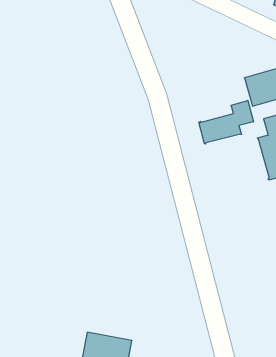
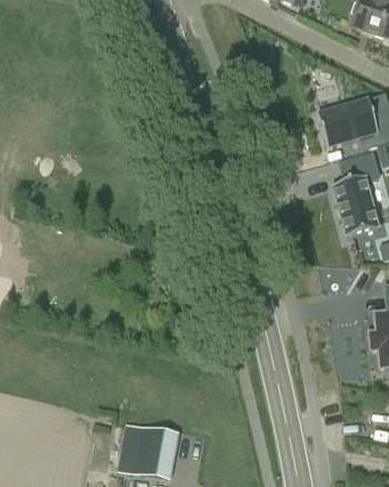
building: [199,100,253,144] -> none

